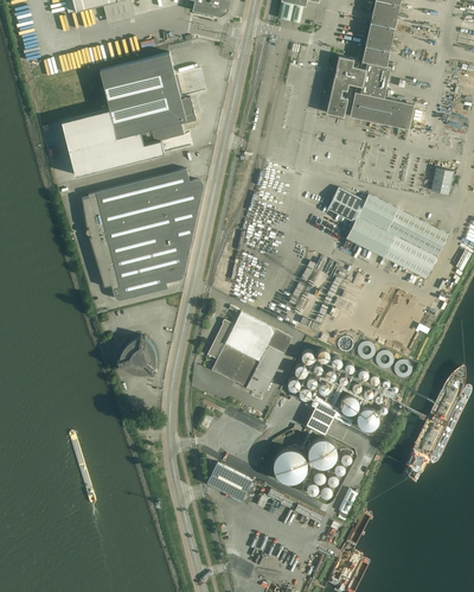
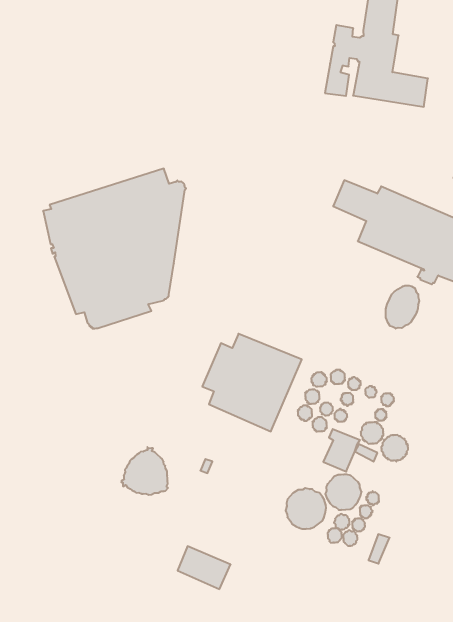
building: [60,52,197,176] -> none
building: none -> [386,286,419,329]
building: [117,335,156,375] -> [121,447,168,495]
building: [207,463,252,501] -> [178,546,231,589]

